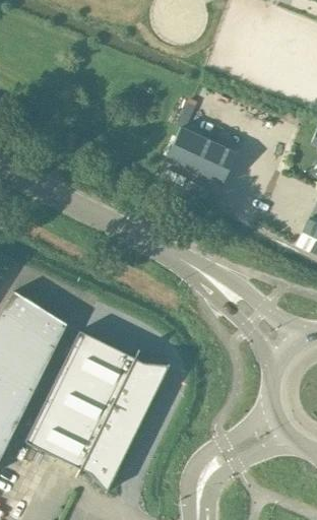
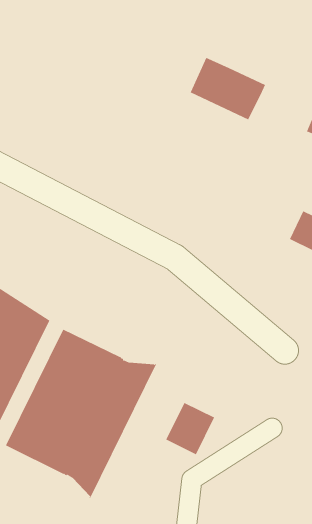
building: [164,126,236,186] -> [190,57,266,120]
building: none -> [166,402,215,455]

